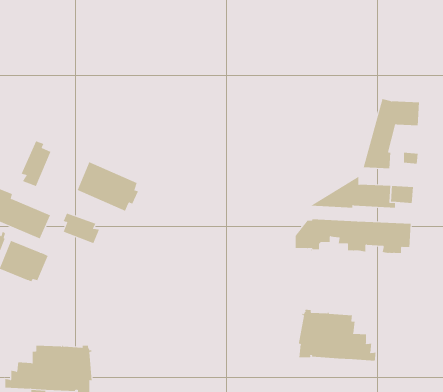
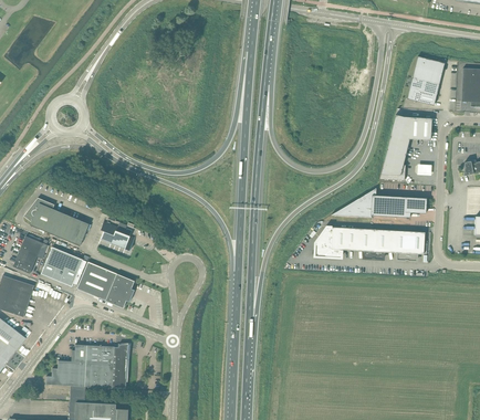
building: none -> [407,55,445,105]
building: [21,140,51,187] -> none
building: [77,161,139,211] -> [77,261,135,307]
building: [298,309,376,361] -> none

